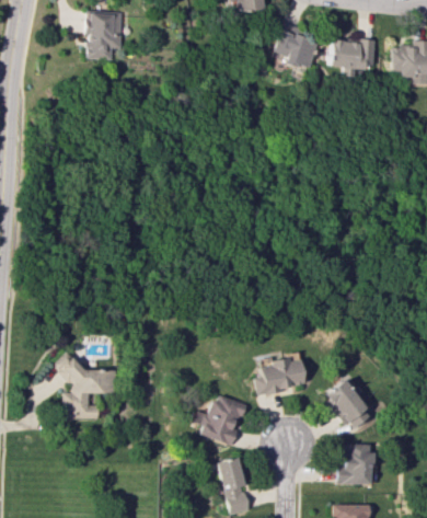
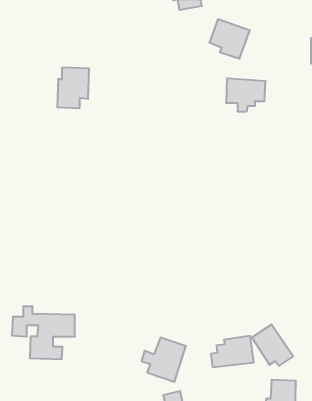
building: [85,12,123,59] -> [57,68,89,108]
building: [328,38,374,77] -> [226,78,266,111]
building: [254,357,304,393] -> [211,336,254,367]

